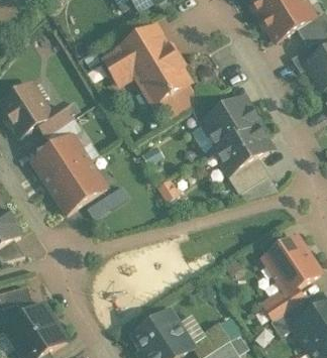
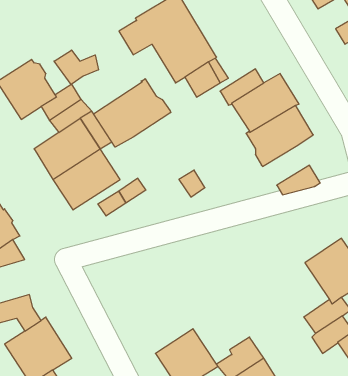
building: none -> [54,50,98,85]
building: none -> [94,79,171,147]
building: [226,156,268,193] -> none

